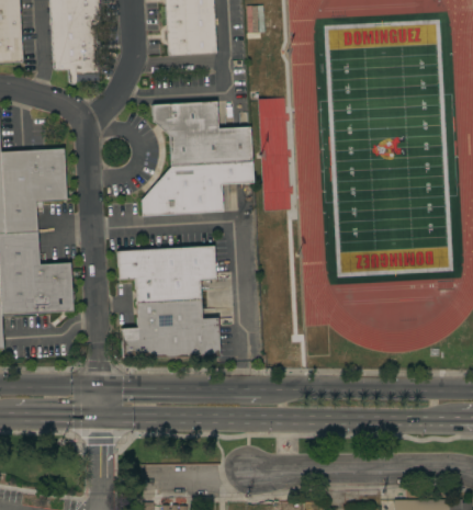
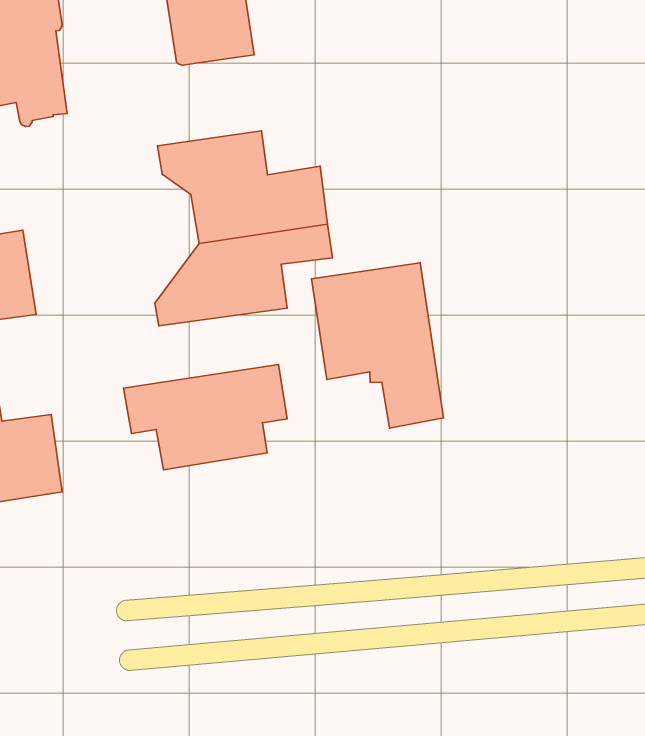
building: none -> [311,263,444,428]
building: [121,298,219,356] -> none

